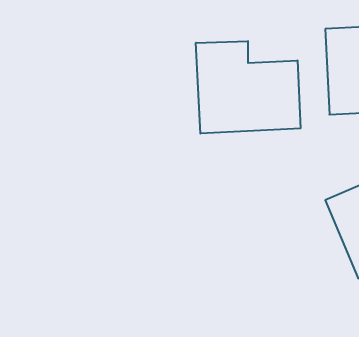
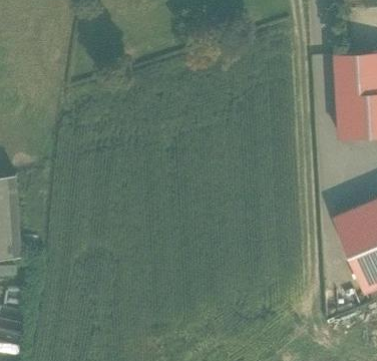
building: [196,41,300,134] -> none

